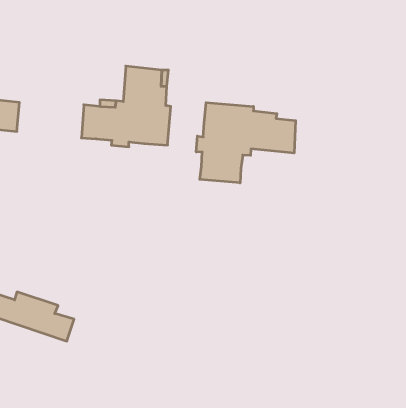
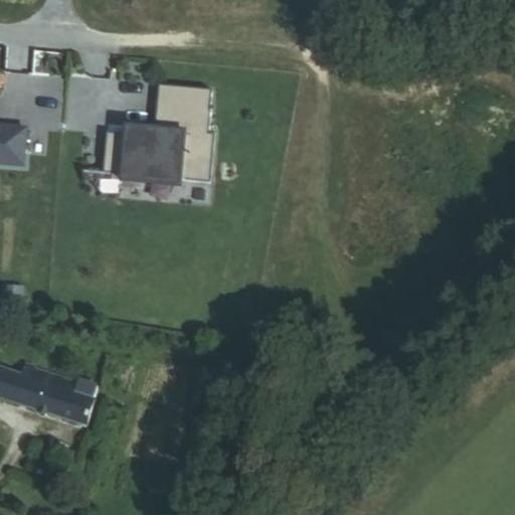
building: [196,103,296,183] -> none

